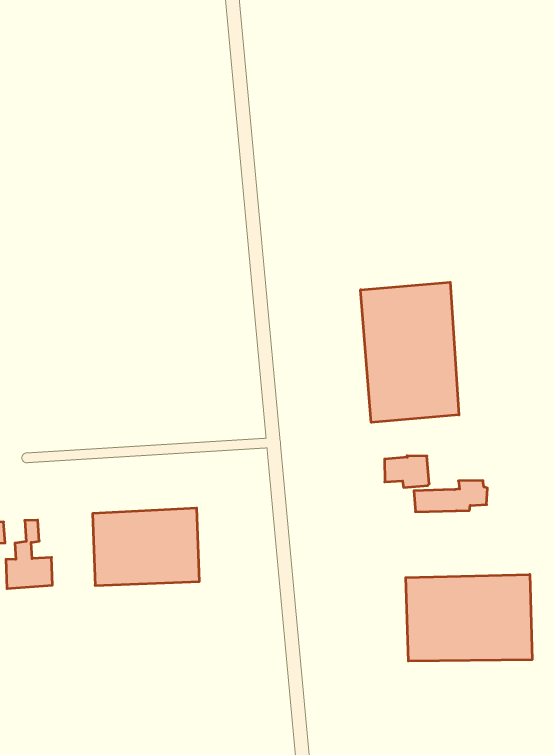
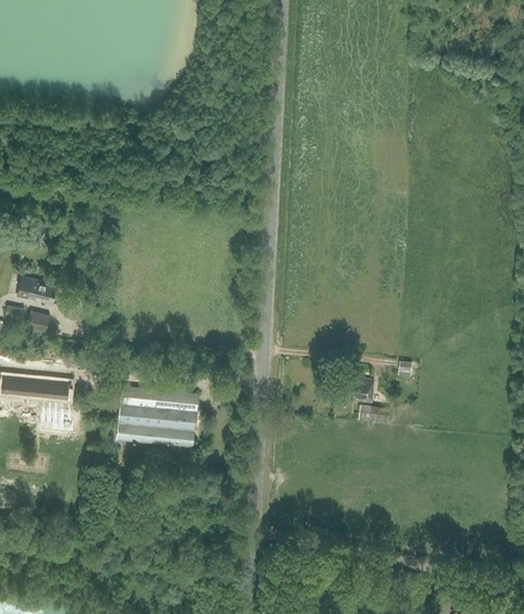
building: [361,282,459,422] -> none
building: [406,574,532,661] -> none

